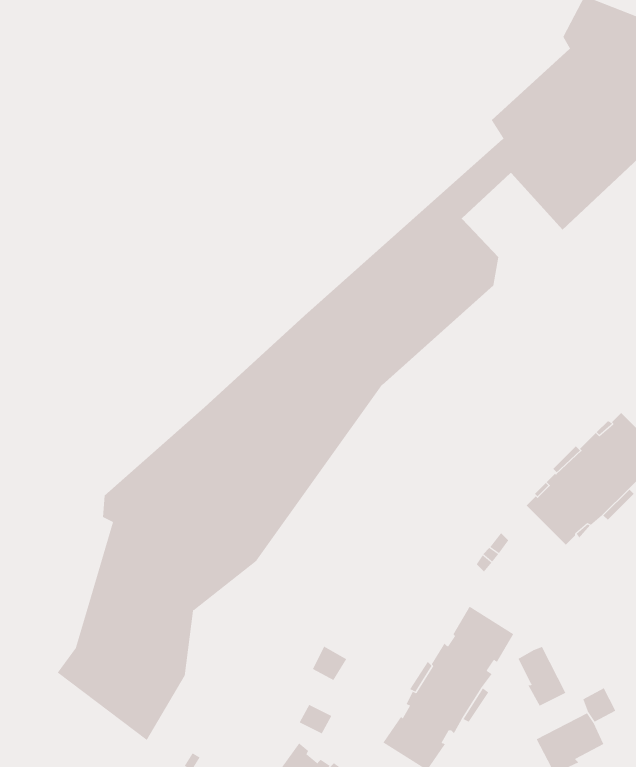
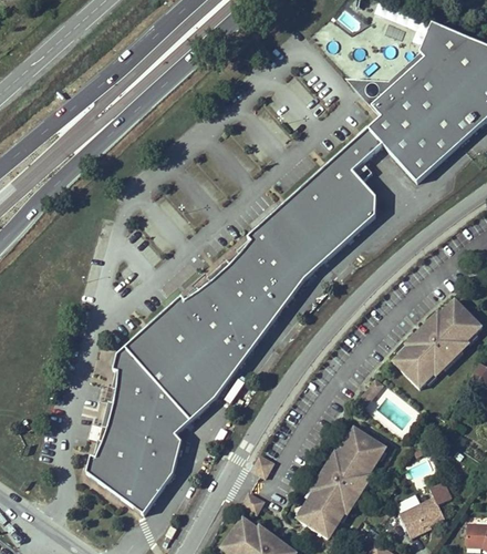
building: [518,646,566,707] -> none

